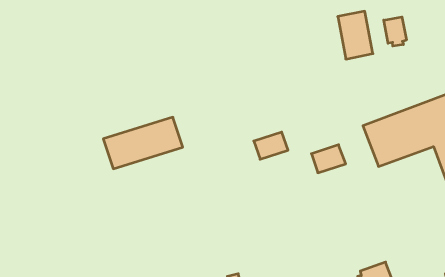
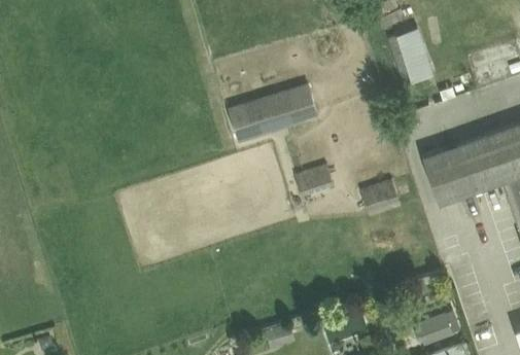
building: [384,17,406,46] -> none
building: [103,117,183,169] -> [228,84,318,143]

